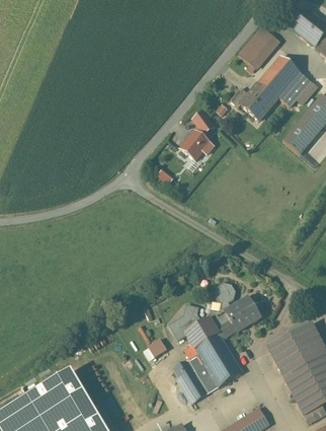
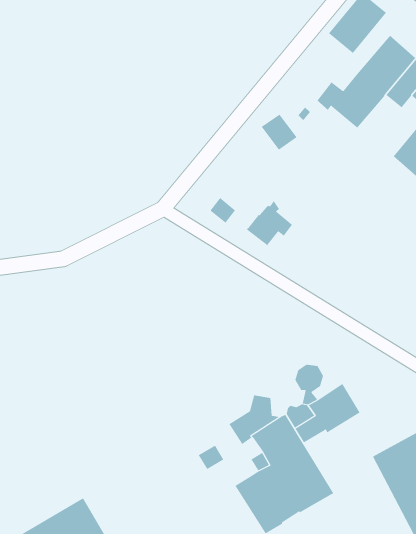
building: [181,128,214,160] -> [246,200,293,247]

